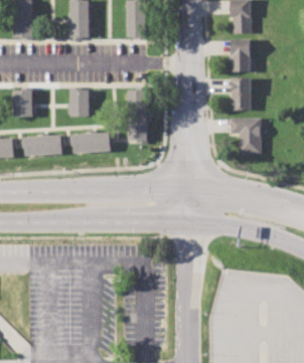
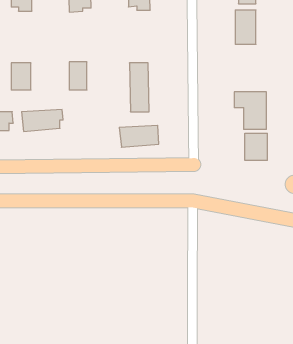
building: [232,76,252,109] -> none
building: [71,132,110,153] -> [119,125,159,147]
building: none -> [245,133,267,160]

